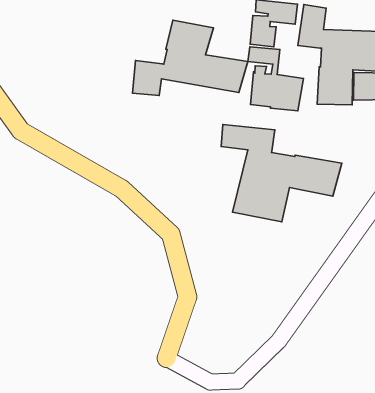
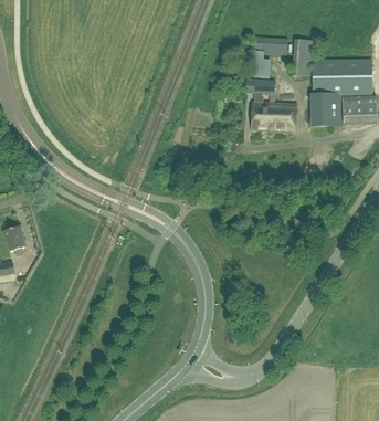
building: [132,20,248,96] -> none
building: [221,124,342,222] -> none

